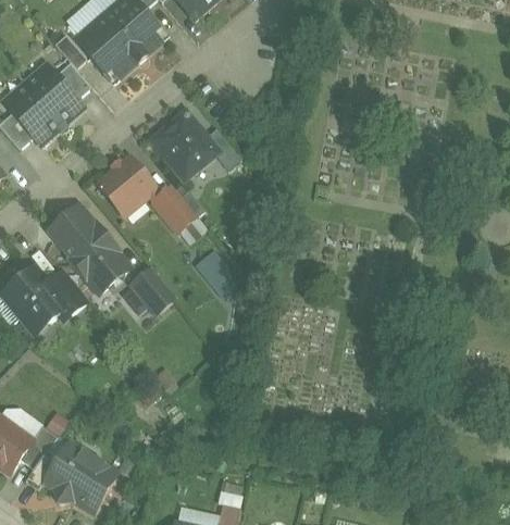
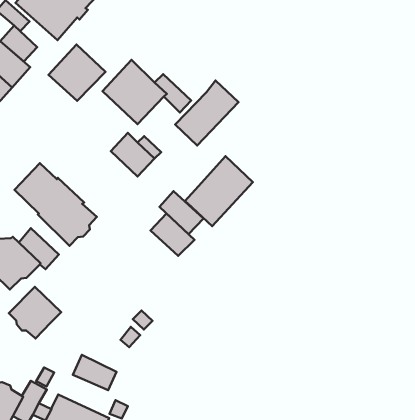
building: none -> [175,81,238,146]
building: [97,158,156,215] -> [48,44,106,101]
building: none -> [185,156,253,226]
building: [130,268,174,313] -> [151,214,194,256]
building: none -> [9,287,61,338]
building: none -> [73,355,116,390]

